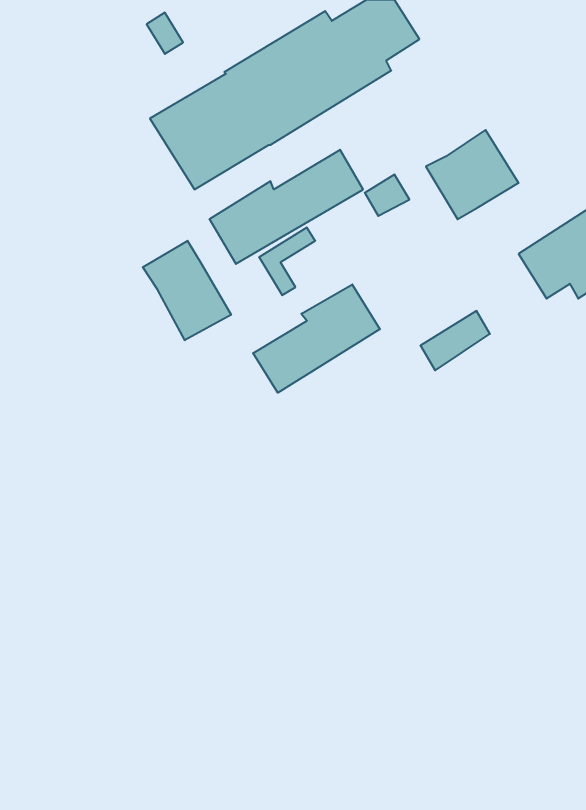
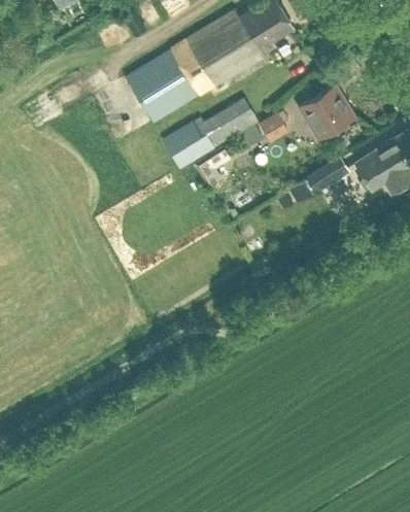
building: [143,241,231,340] -> none
building: [253,284,380,393] -> none
building: [420,311,490,370] -> [304,156,347,193]

